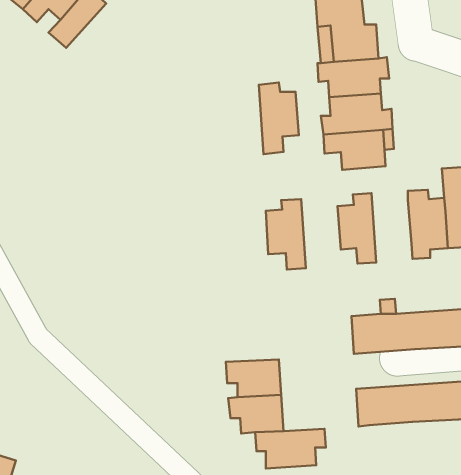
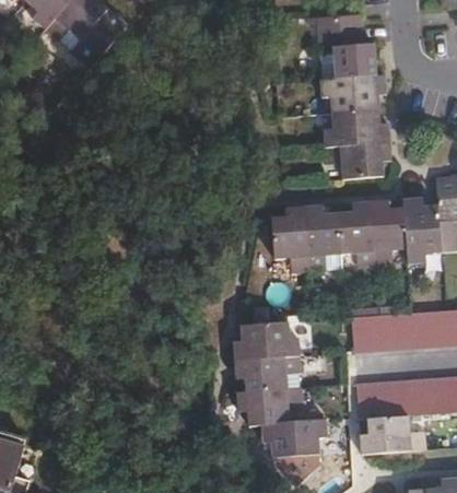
building: [259,83,299,154] -> [305,204,342,271]
building: none -> [371,200,408,266]
building: none -> [234,322,300,359]
building: none -> [361,414,425,453]

